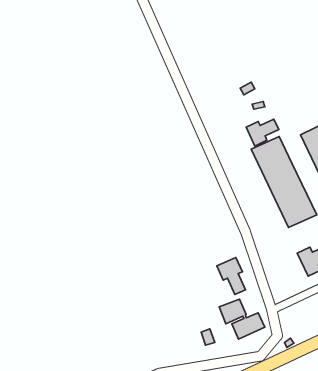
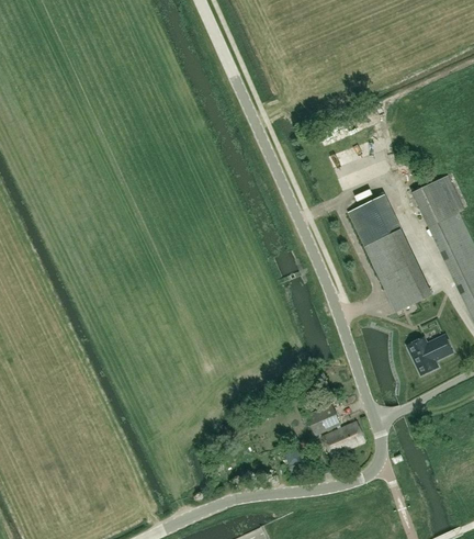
building: [246,119,279,146] -> none
building: [217,257,245,295] -> none

